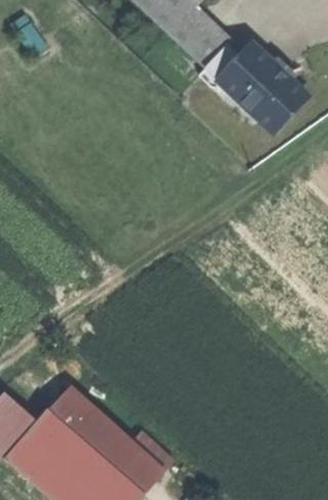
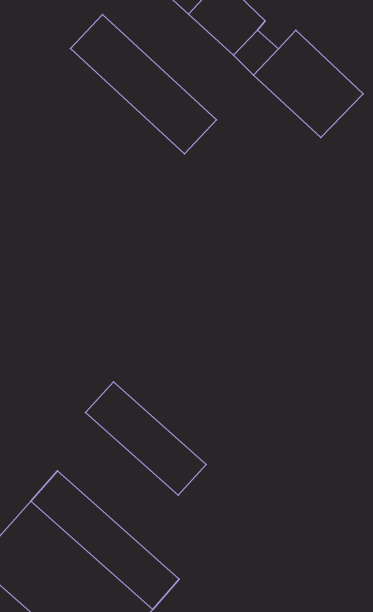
building: none -> [71,14,217,154]
building: none -> [86,382,206,495]

